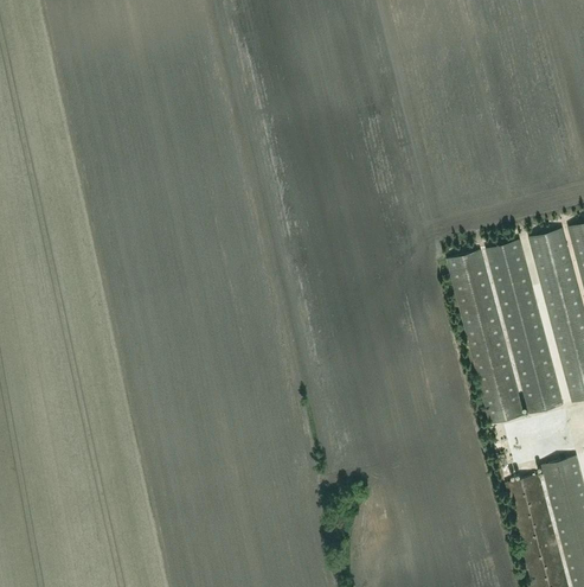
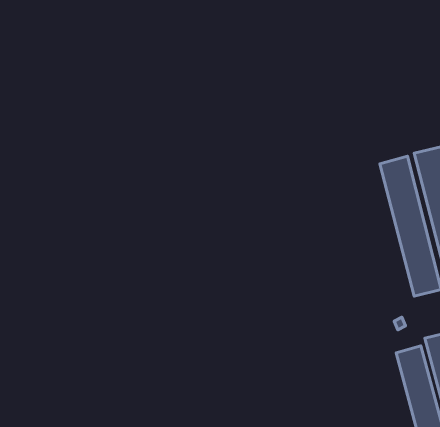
building: [448,251,525,425] -> none

